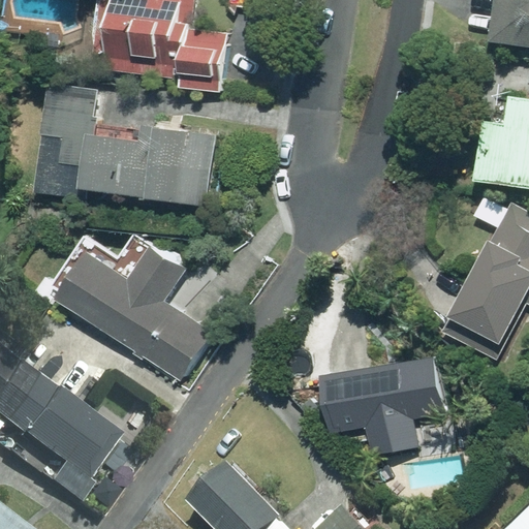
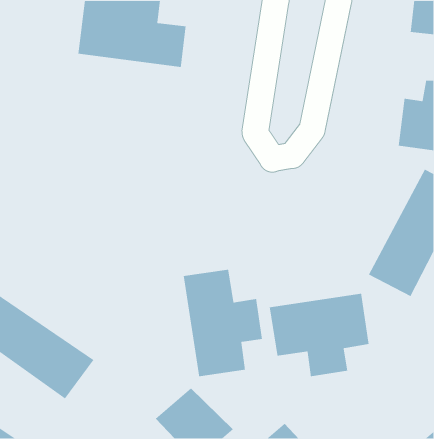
building: [35,82,215,206] -> none
building: [56,245,213,382] -> none
building: none -> [183,269,263,377]

